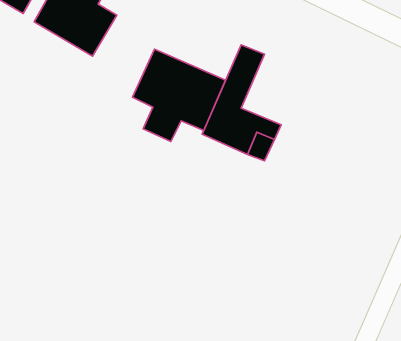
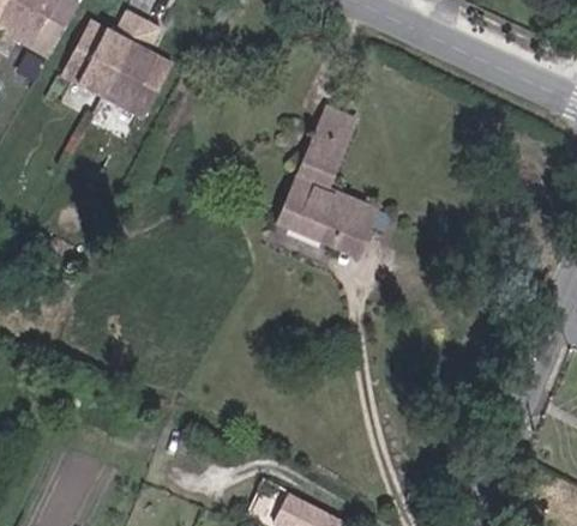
building: [132,49,226,141] -> none

